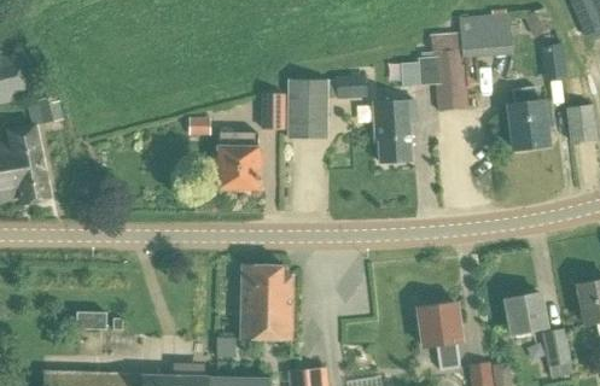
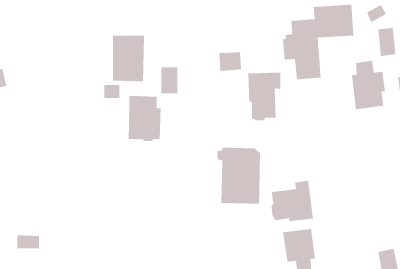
building: [287,78,330,139] -> [112,35,145,82]
building: none -> [271,180,313,222]
building: [237,264,293,338] -> [217,147,261,204]
building: [506,292,546,333] -> none

